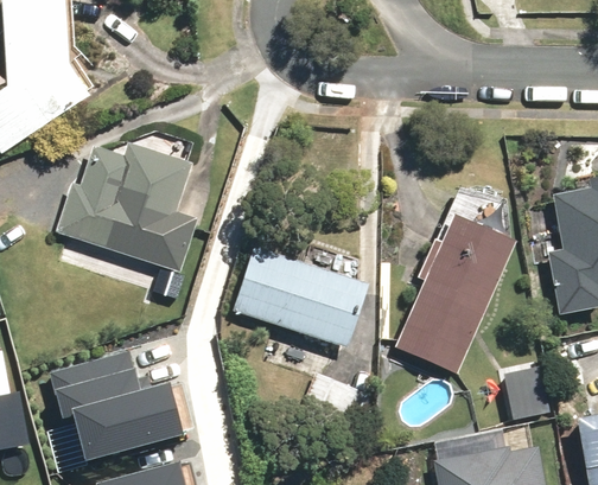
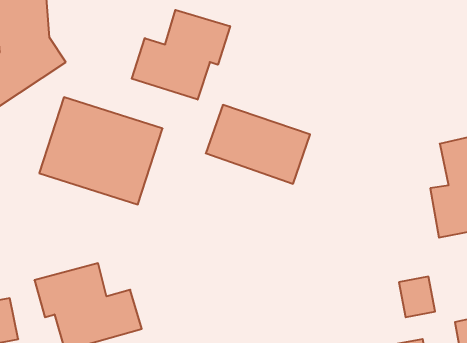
building: none -> [132,10,230,100]
building: [394,217,511,371] -> none
building: [234,248,364,346] -> [206,105,310,184]

